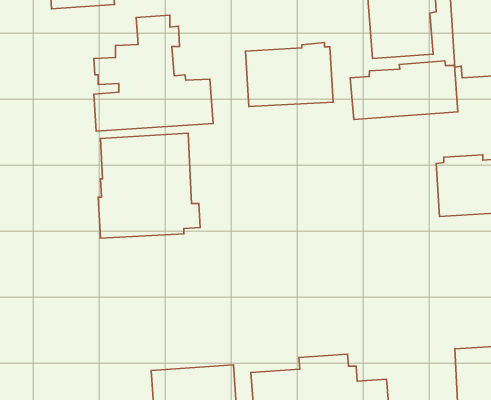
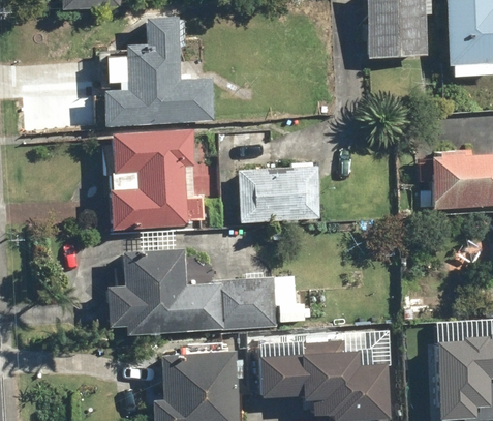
building: [245,43,333,106] -> [239,161,322,222]
building: [350,61,458,119] -> none
building: none -> [106,248,300,335]

